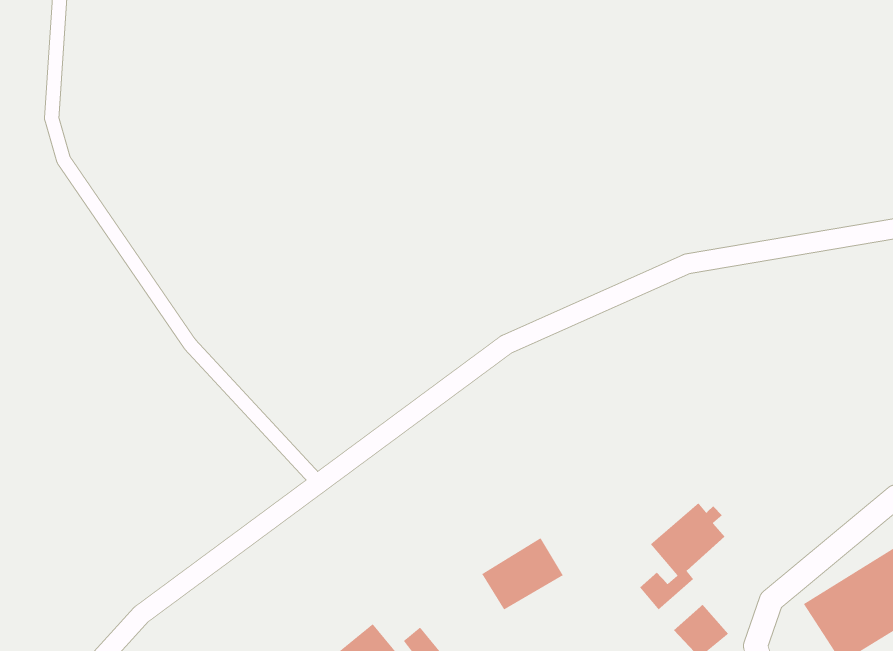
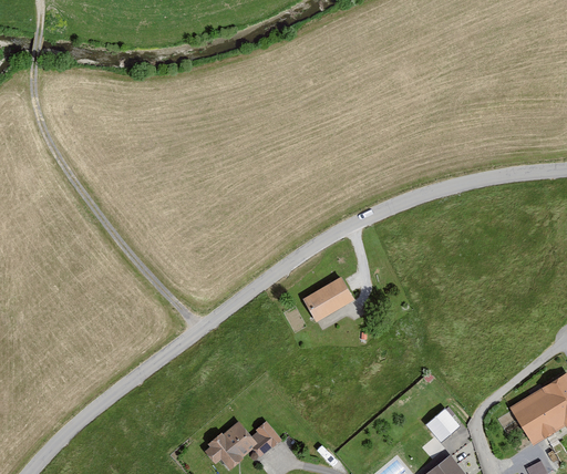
building: [639,502,725,610] -> none
building: [481,537,564,611] -> [303,278,355,324]

